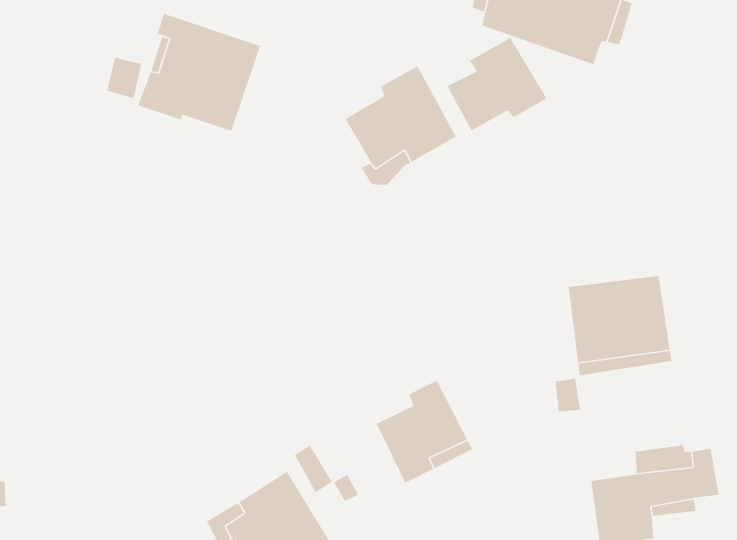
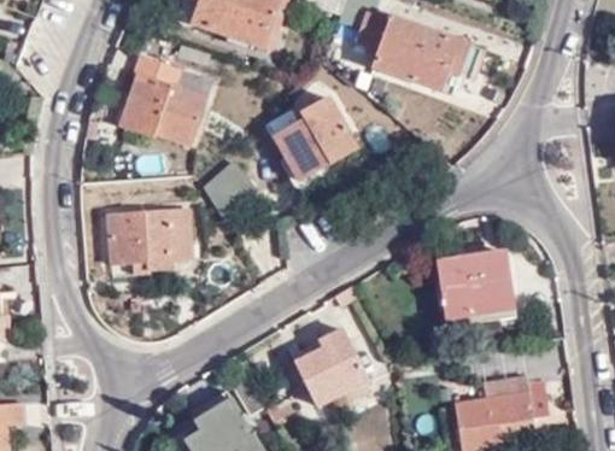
building: [447,37,547,131] -> none
building: none -> [204,163,254,217]
building: none -> [107,210,191,268]

